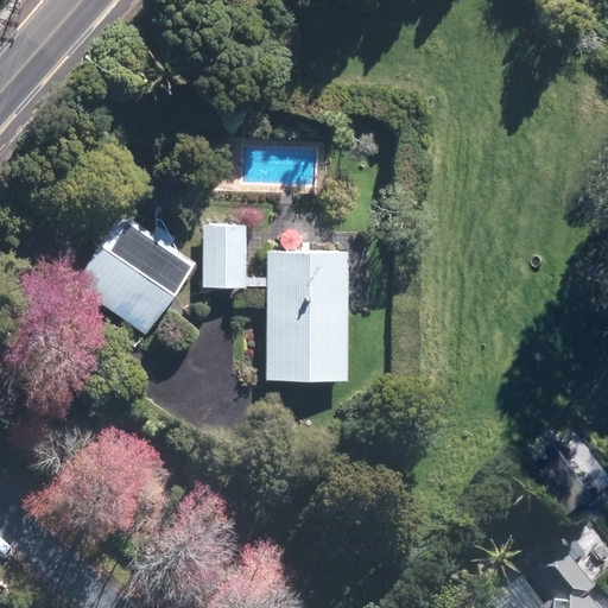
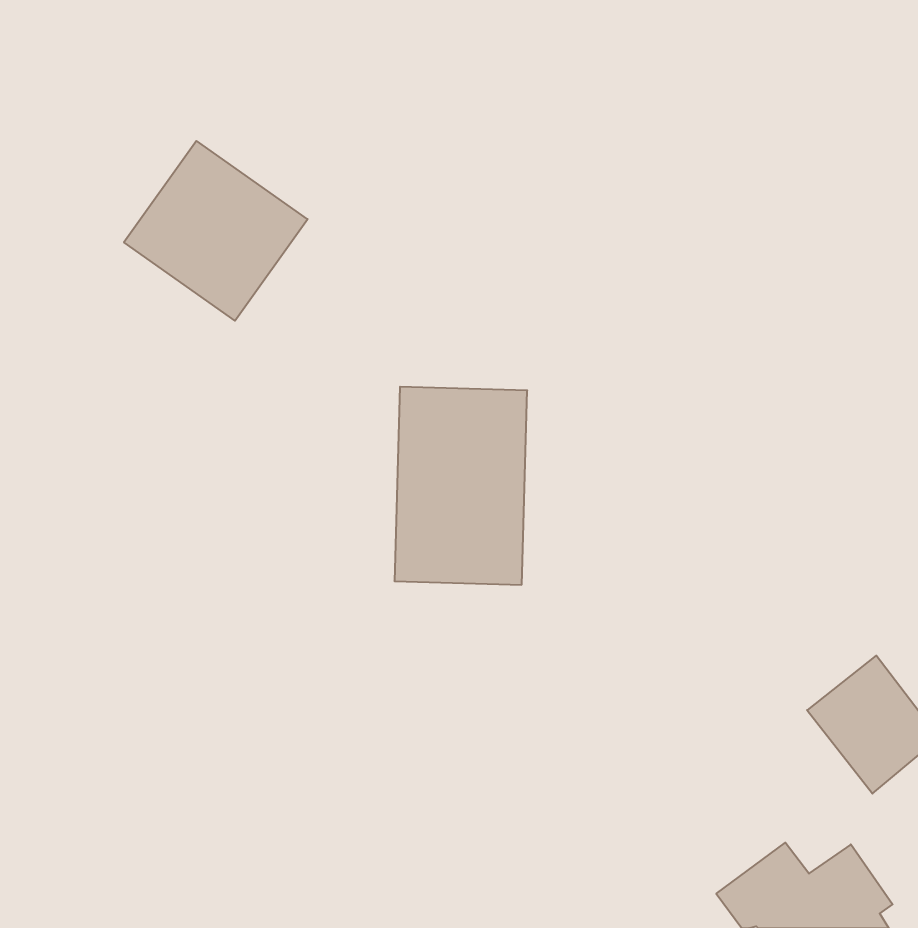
building: [72,215,192,332] -> [124,141,308,321]
building: [203,226,249,291] -> none

